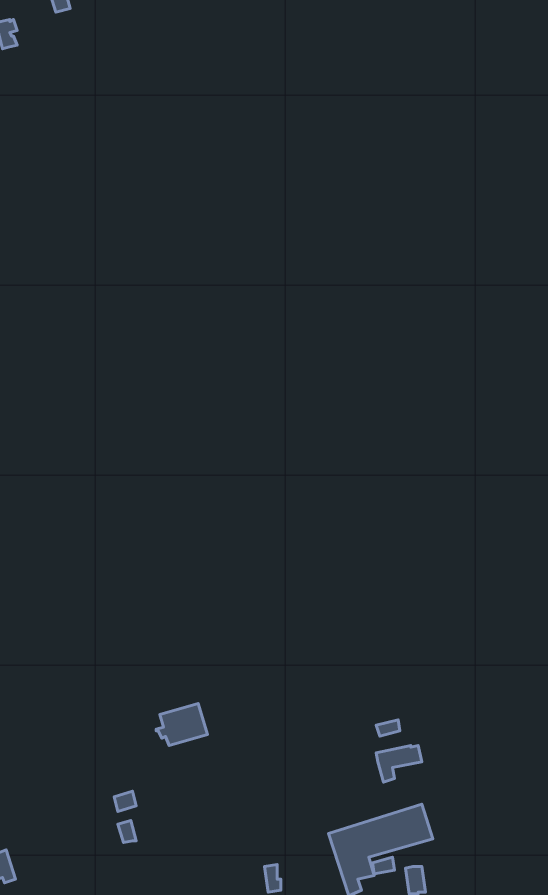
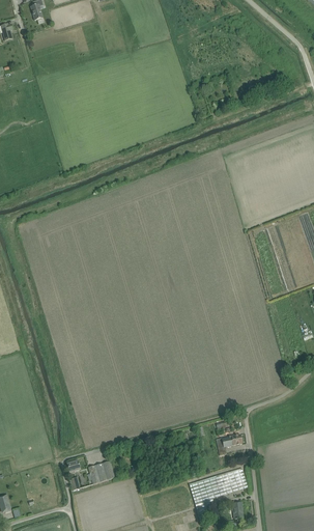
building: [156,703,207,746] -> [86,460,115,484]

